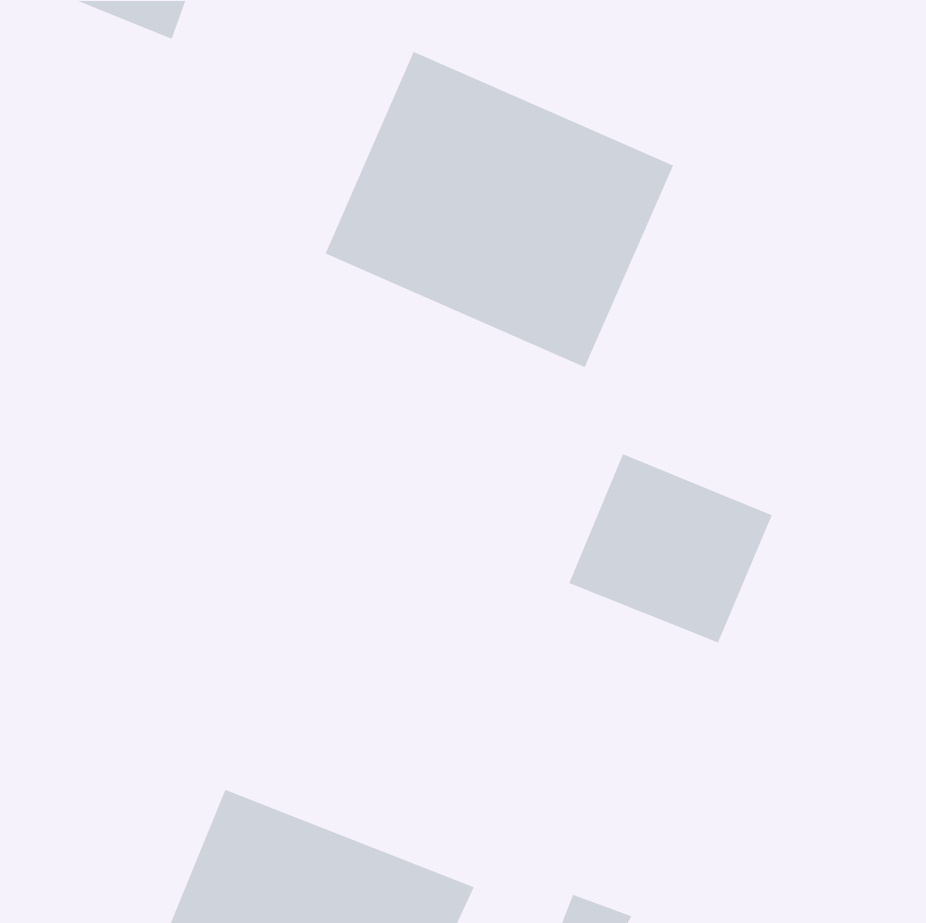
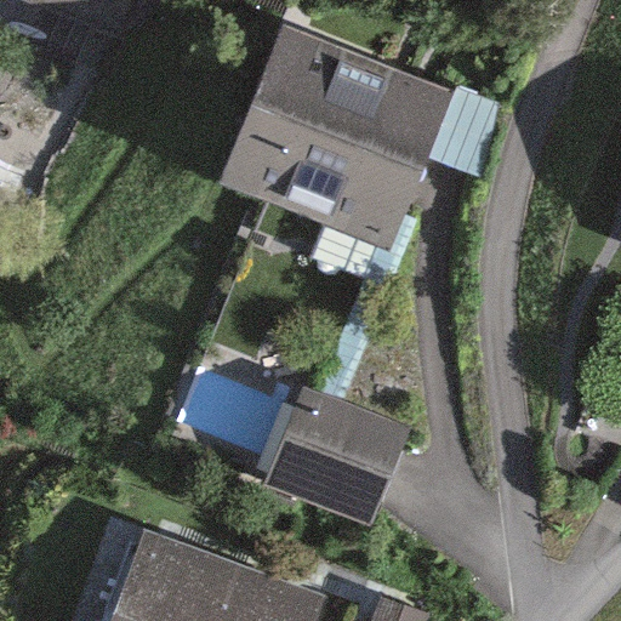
building: [568,453,773,643] -> [269,387,406,514]

